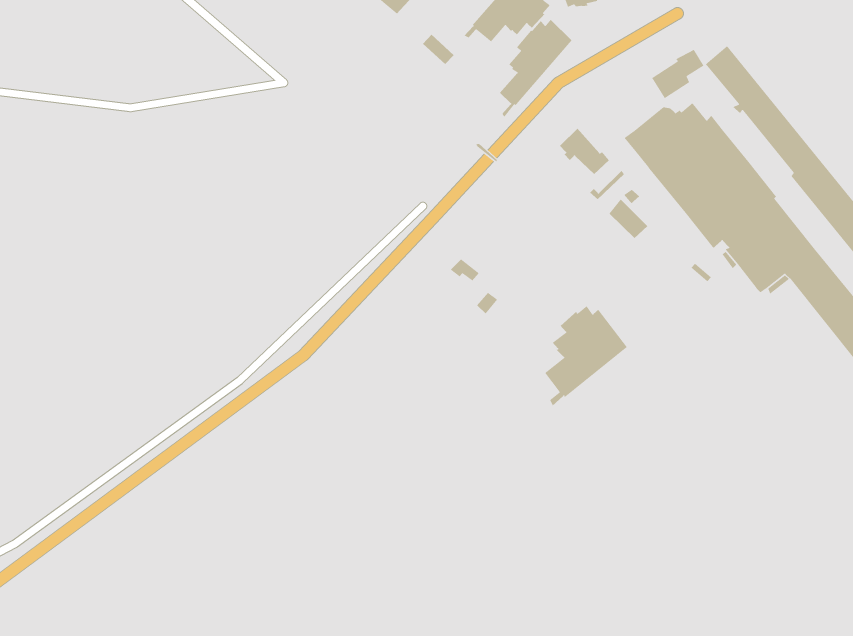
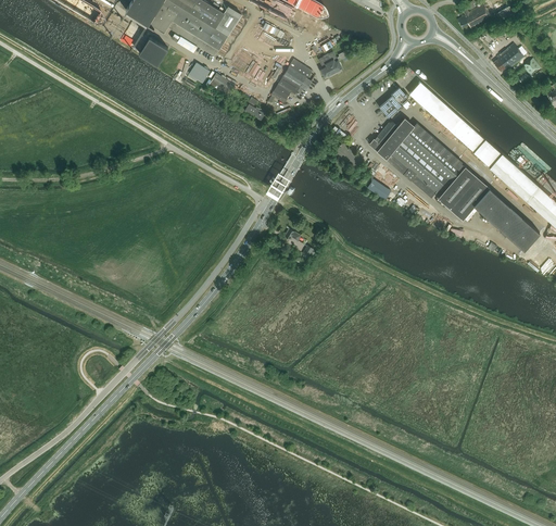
building: [499,19,573,118] -> none
building: [544,305,628,406] -> none

